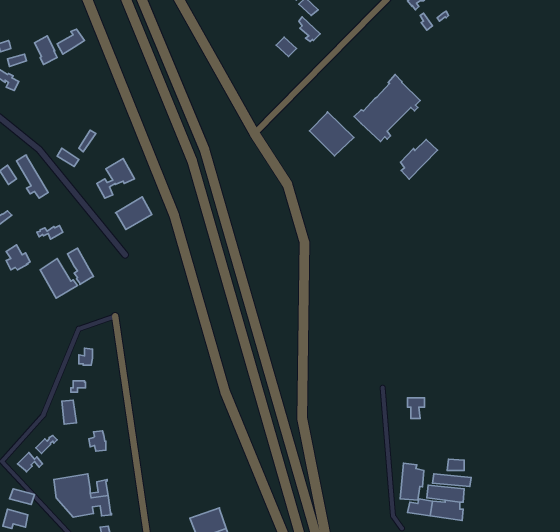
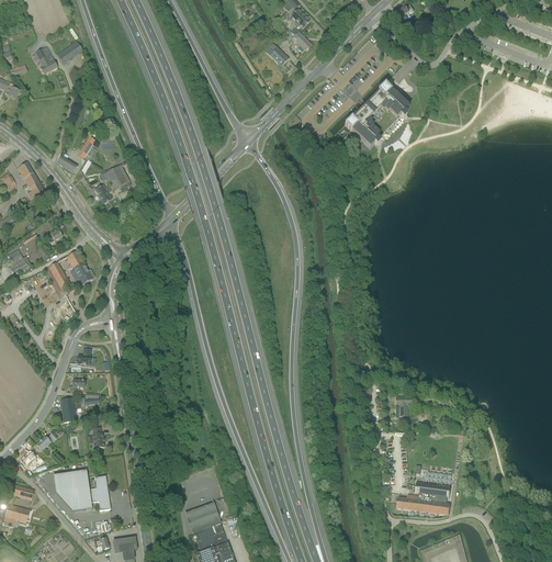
building: [310,112,354,156] -> none
building: [400,139,437,179] -> none
building: [116,197,152,229] -> none
building: [400,463,424,500] -> none

